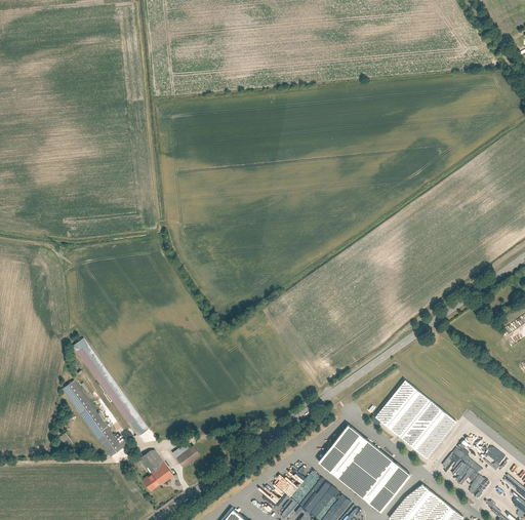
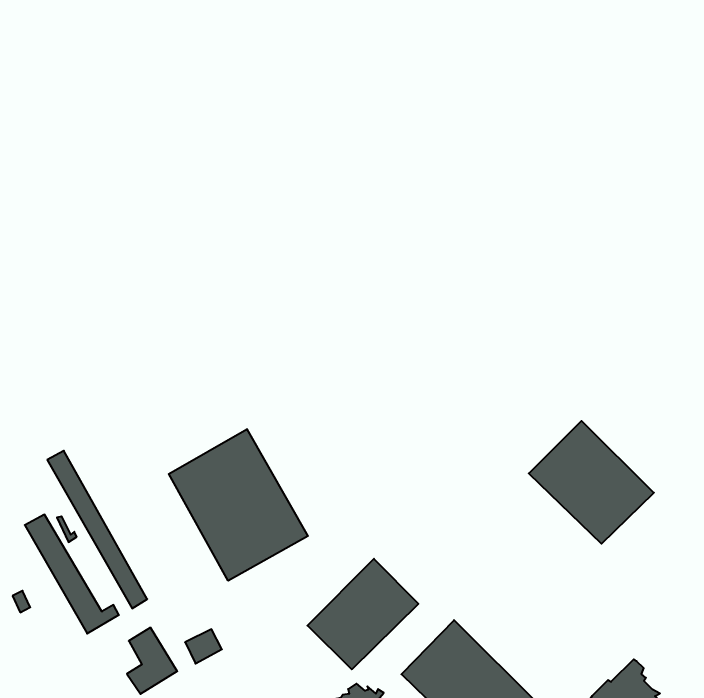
building: none -> [169,429,308,581]
building: [375,381,458,459] -> [529,421,654,544]
building: none -> [307,559,418,669]

